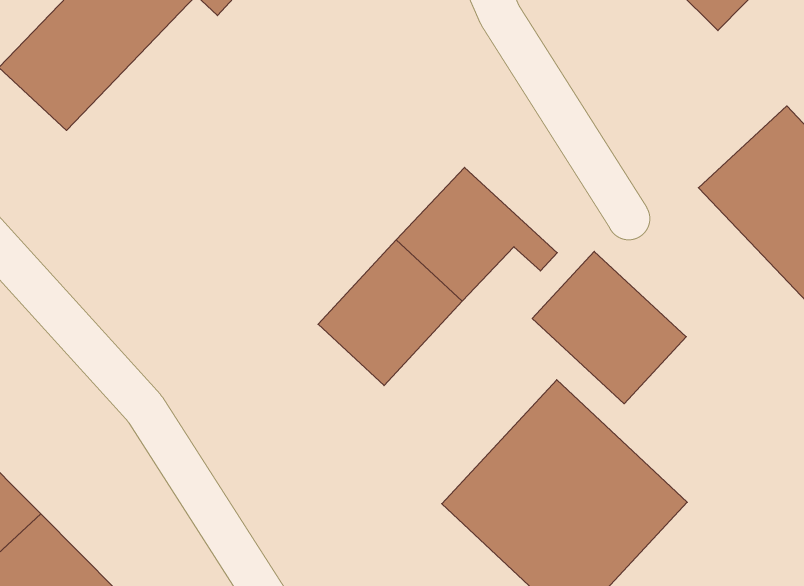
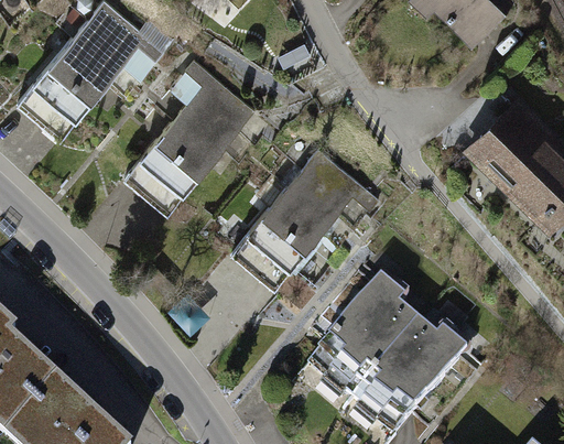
building: none -> [132,61,256,209]
building: [532,251,686,404] -> none

